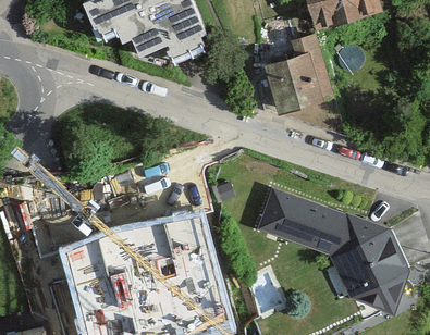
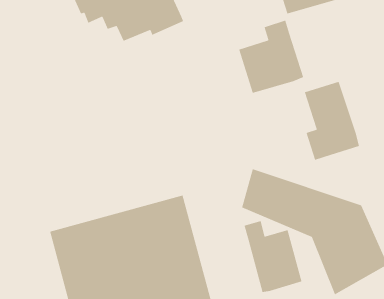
building: none -> [304,81,360,161]
building: none -> [243,220,302,293]

